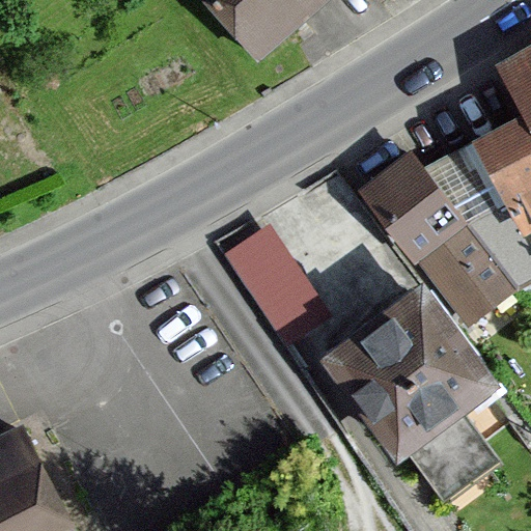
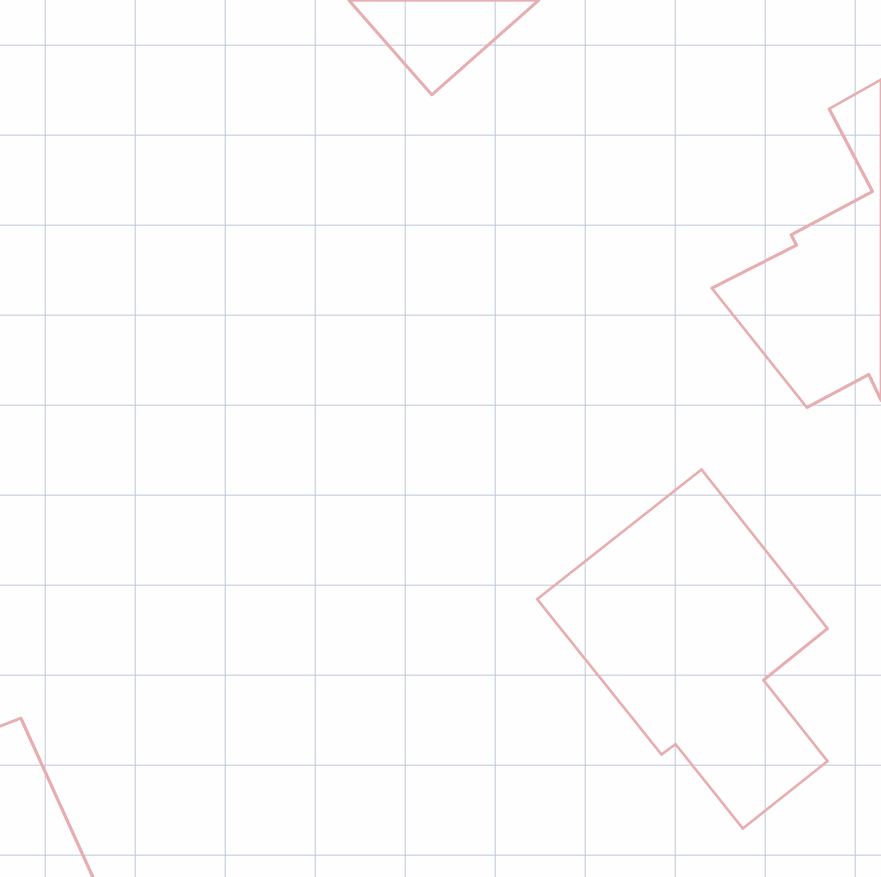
building: [359,155,514,327] -> none
building: [226,211,329,325] -> none

